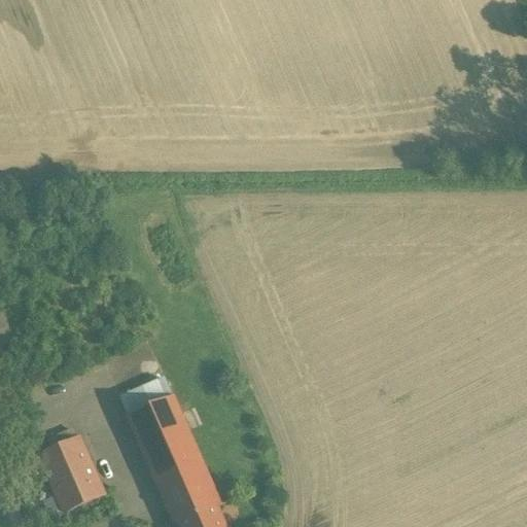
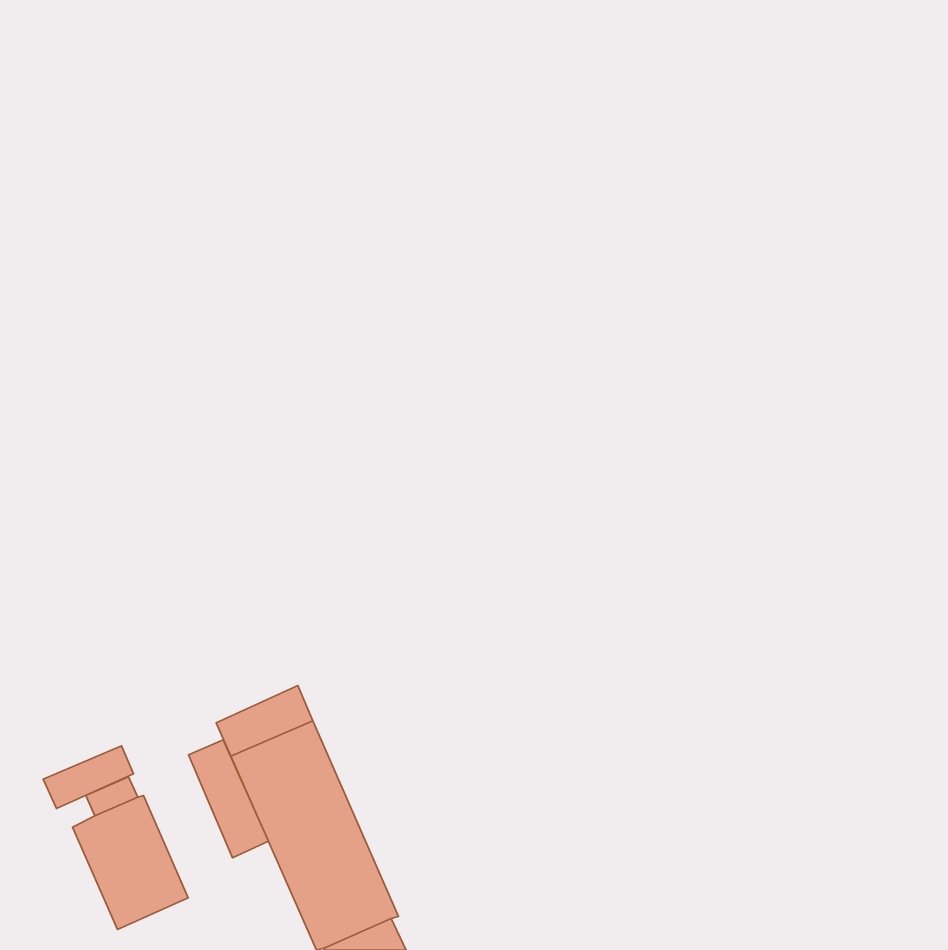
building: none -> [189,740,269,858]
building: none -> [43,746,134,808]

